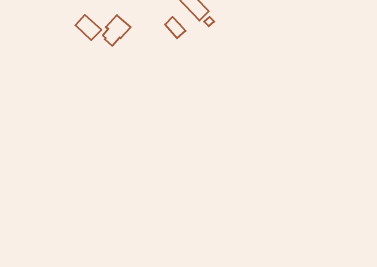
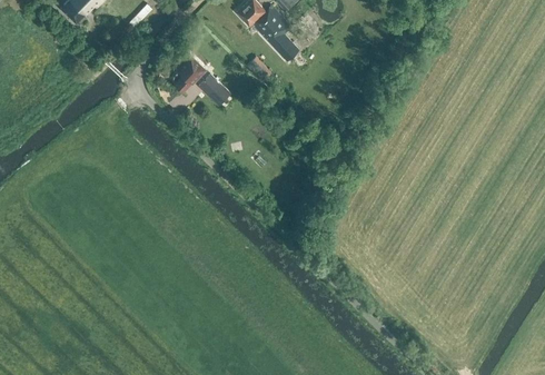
building: [75,15,101,40] -> [200,76,231,106]

